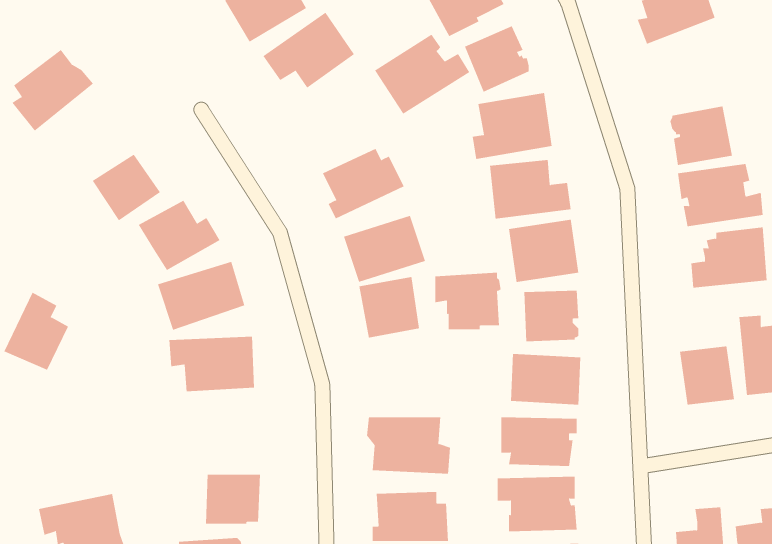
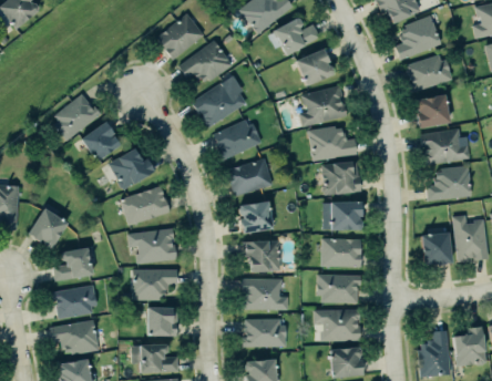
building: [374,34,470,114] -> [191,81,246,127]
building: none -> [406,54,452,93]
building: [11,49,94,132] -> [53,94,101,142]
building: [434,272,502,330] -> [243,240,281,274]
building: none -> [53,249,93,282]
building: none -> [134,269,178,301]
building: none -> [50,285,98,319]

